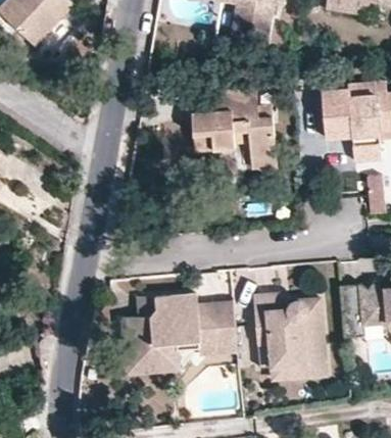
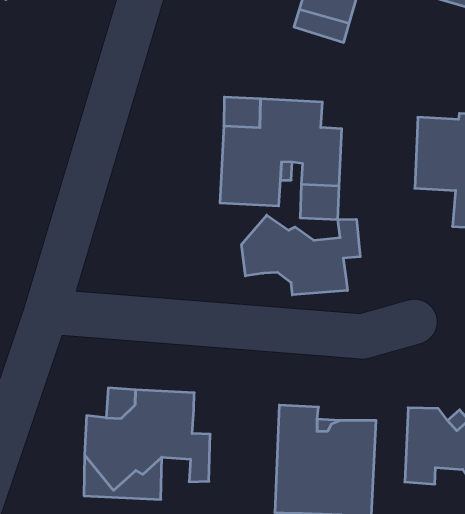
building: none -> [242,215,360,295]
building: [197,302,238,353] -> none

